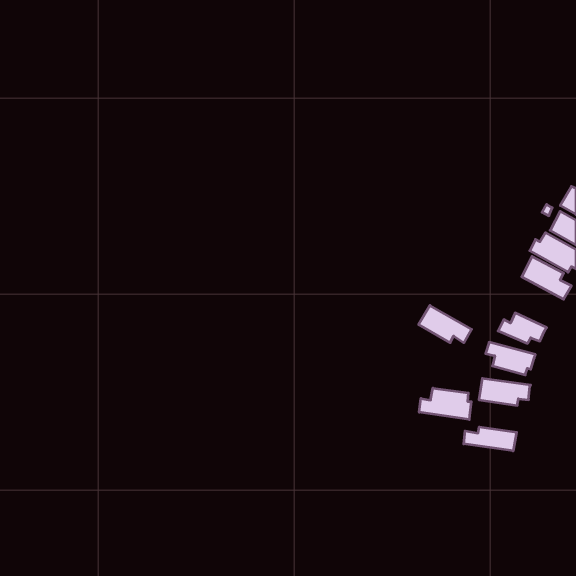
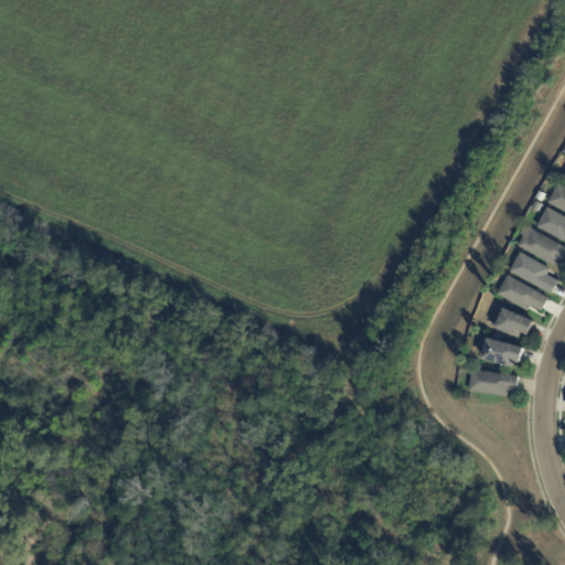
building: [419,305,472,343] -> [497,274,548,310]
building: [419,388,471,420] -> none
building: [464,427,517,451] -> none

